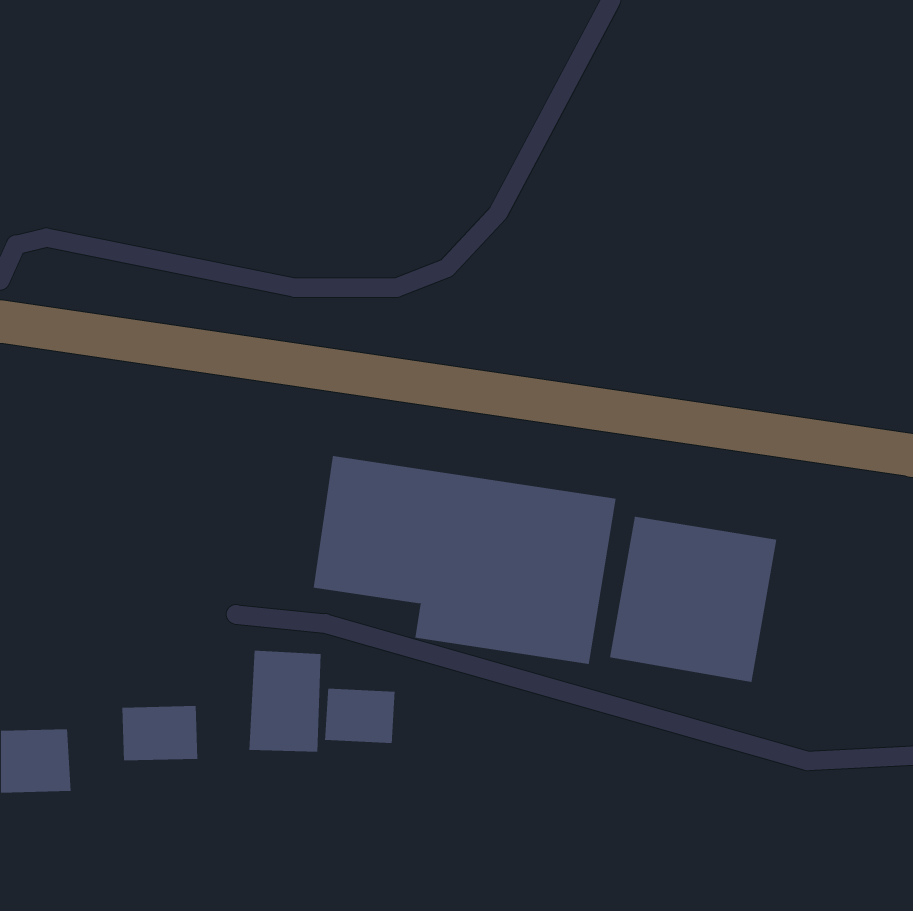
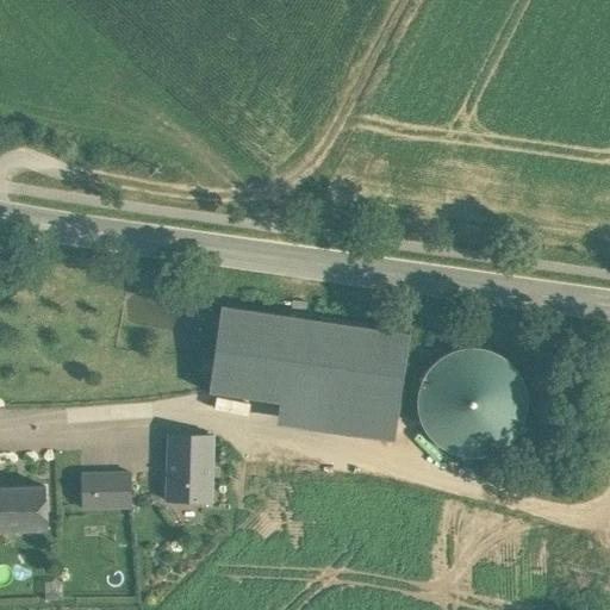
building: [325,688,395,744] -> none

